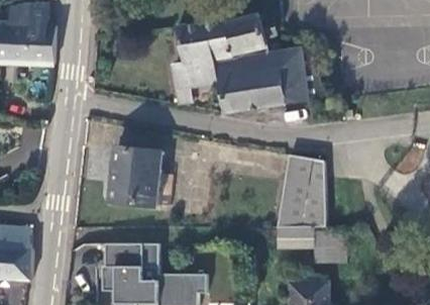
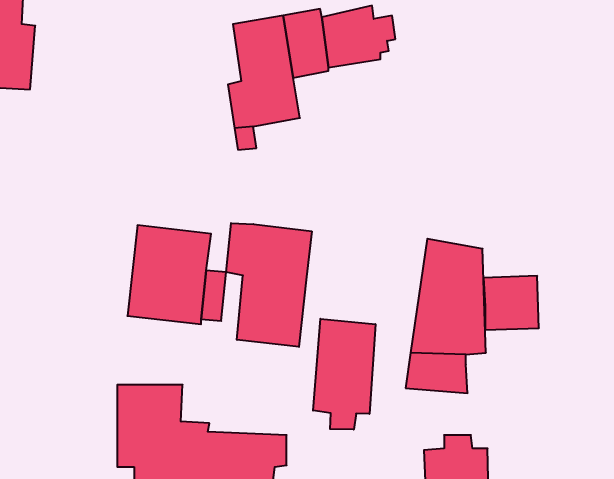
building: [217,47,317,112] -> none
building: none -> [226,223,312,347]
building: none -> [313,319,375,430]
building: [314,229,347,262] -> [484,276,539,330]

